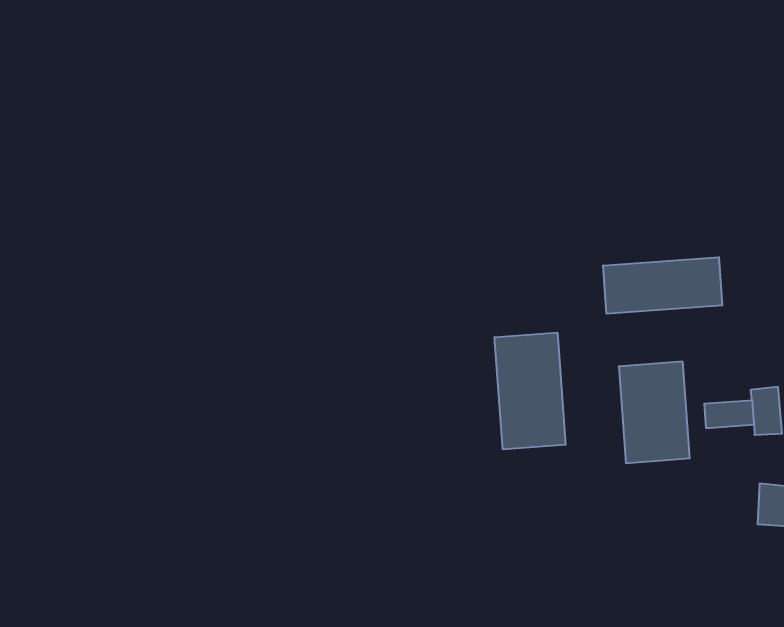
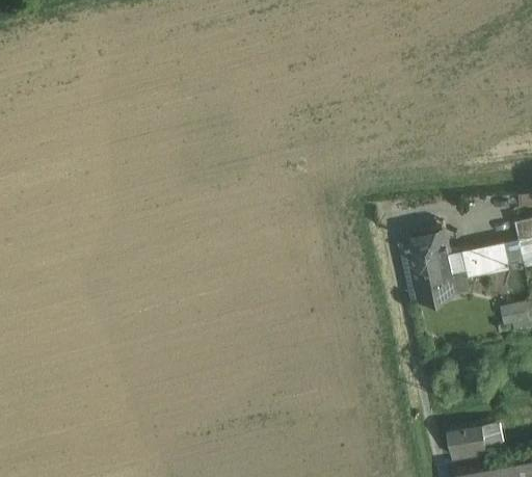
building: [603,257,722,314] -> none
building: [495,333,565,449] -> none

